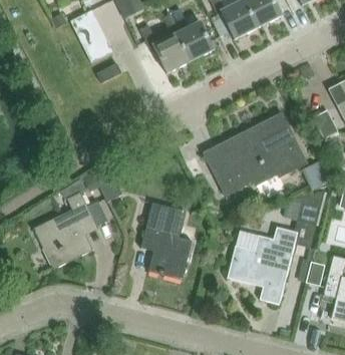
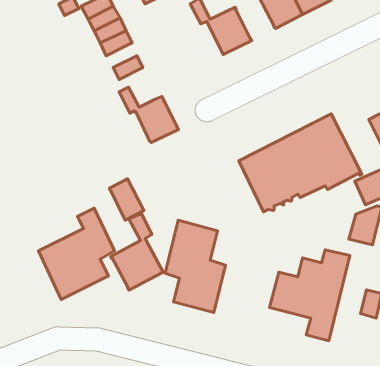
building: [139,25,190,72] -> [119,87,178,143]
building: none -> [111,213,163,290]

